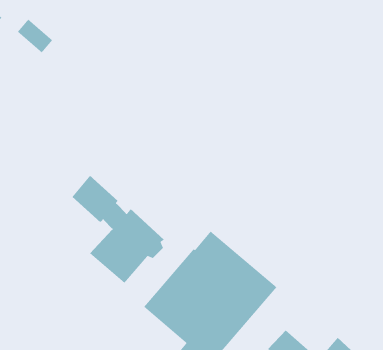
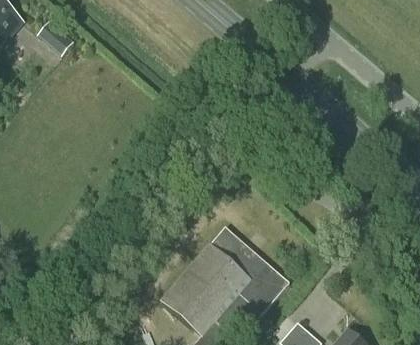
building: [71,175,165,284] -> none

